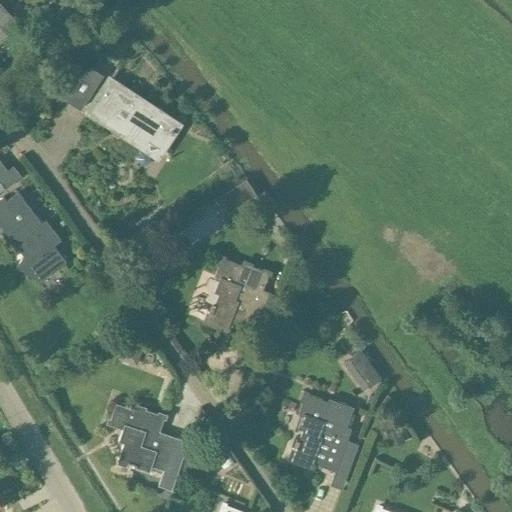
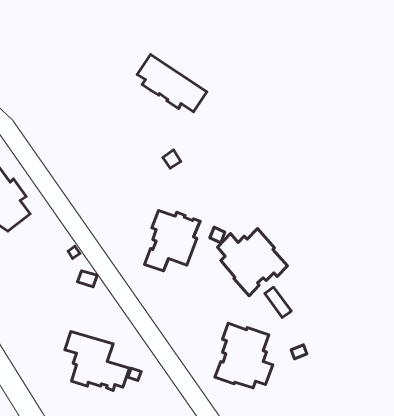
building: [59,67,105,111] -> none
building: [93,82,177,151] -> [137,55,207,112]
building: none -> [218,228,287,296]

